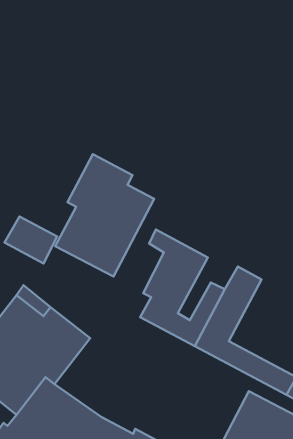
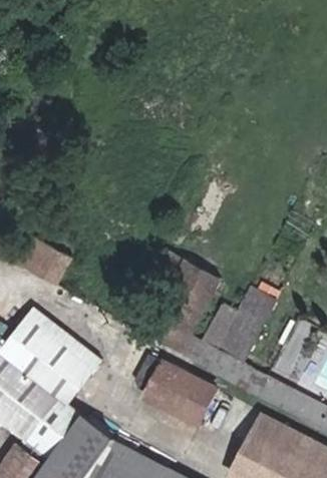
building: [55,154,154,276] -> none
building: none -> [143,361,215,424]

